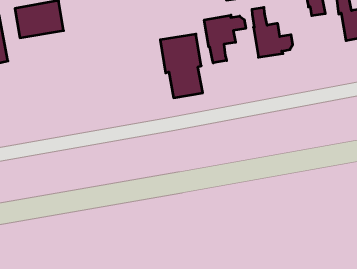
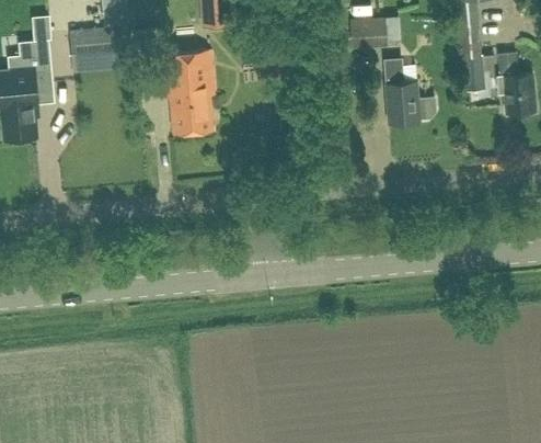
building: [204,15,246,63] -> none
building: [160,34,203,98] -> [162,50,214,133]

